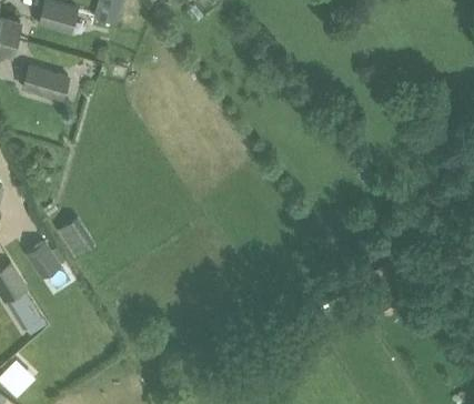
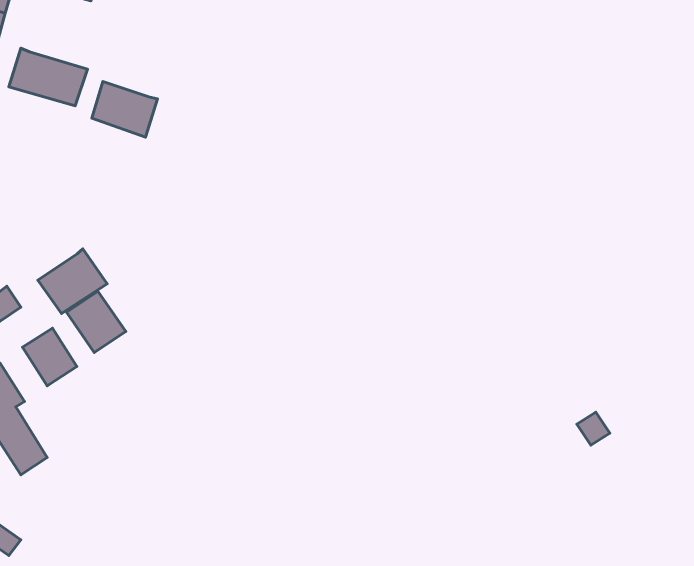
building: none -> [92,82,157,137]
building: none -> [38,249,107,314]

